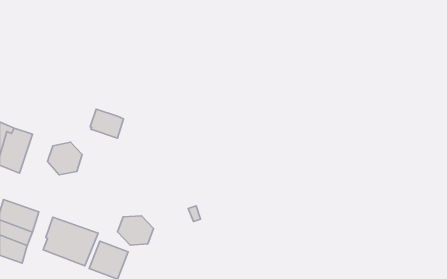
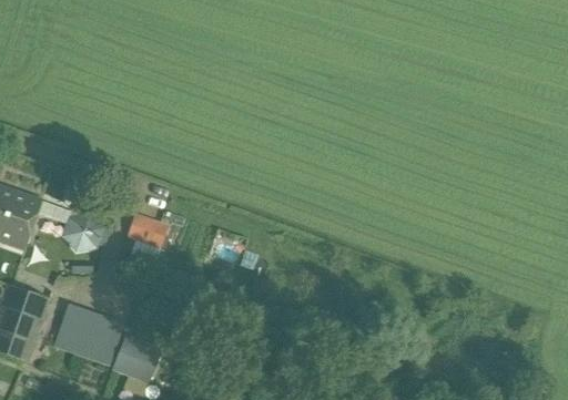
building: [90,109,124,138] -> [126,212,169,248]
building: [117,216,153,245] -> none

